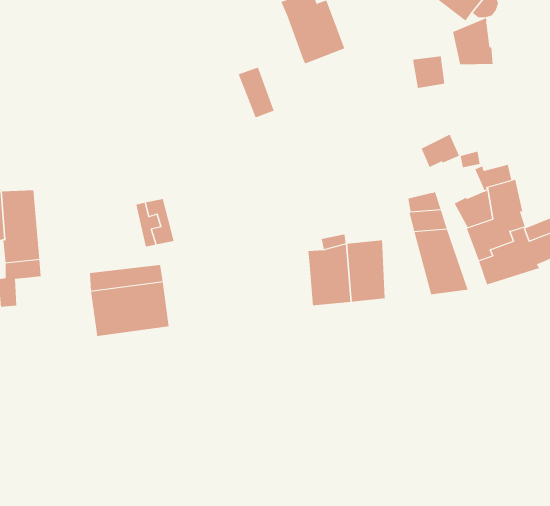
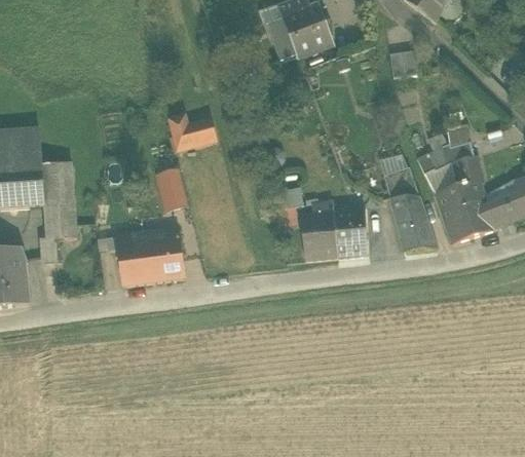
building: [453,17,493,65] -> none
building: [238,67,275,118] -> [265,15,296,59]
building: none -> [167,114,215,150]
building: [421,134,460,168] -> [416,145,449,174]

